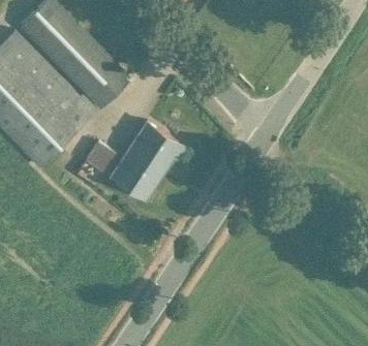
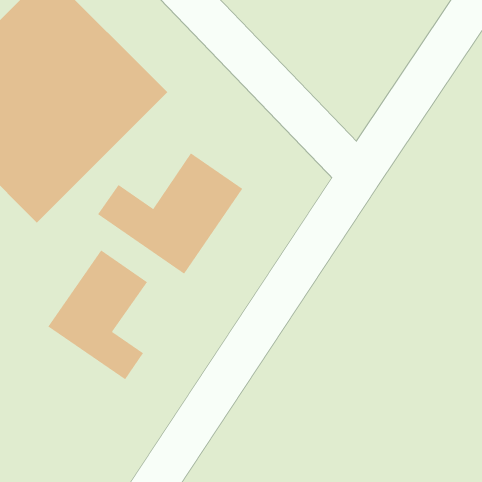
building: none -> [48,249,148,380]

